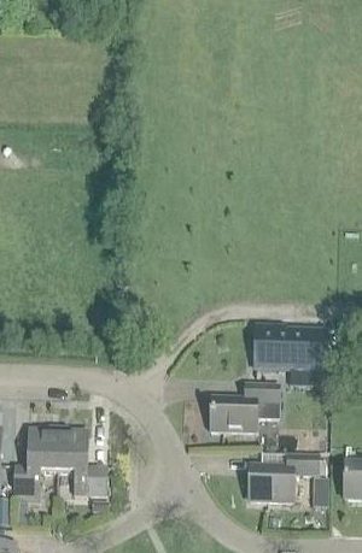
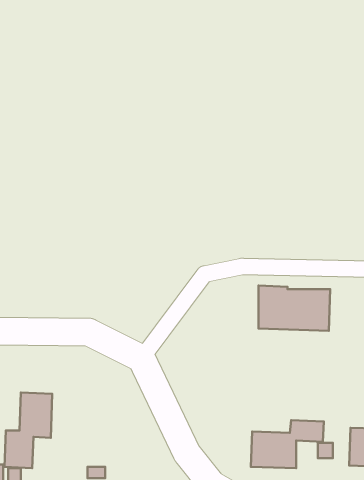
building: [210,383,279,431] -> none
building: [57,429,106,494] -> none

